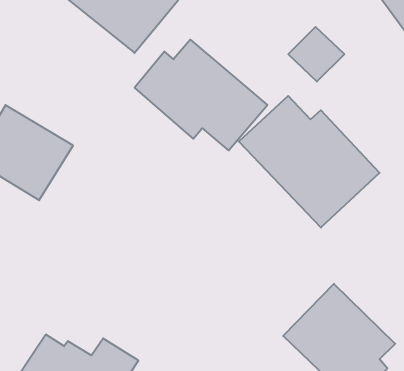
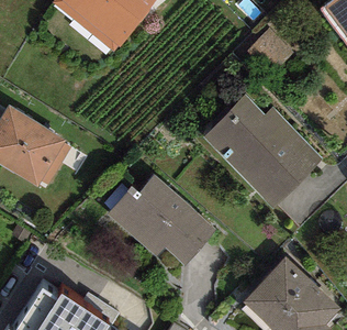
building: [135,40,267,150] -> [105,167,217,261]

